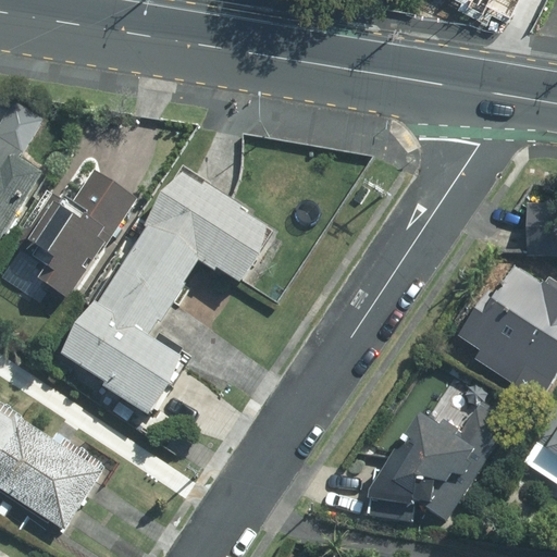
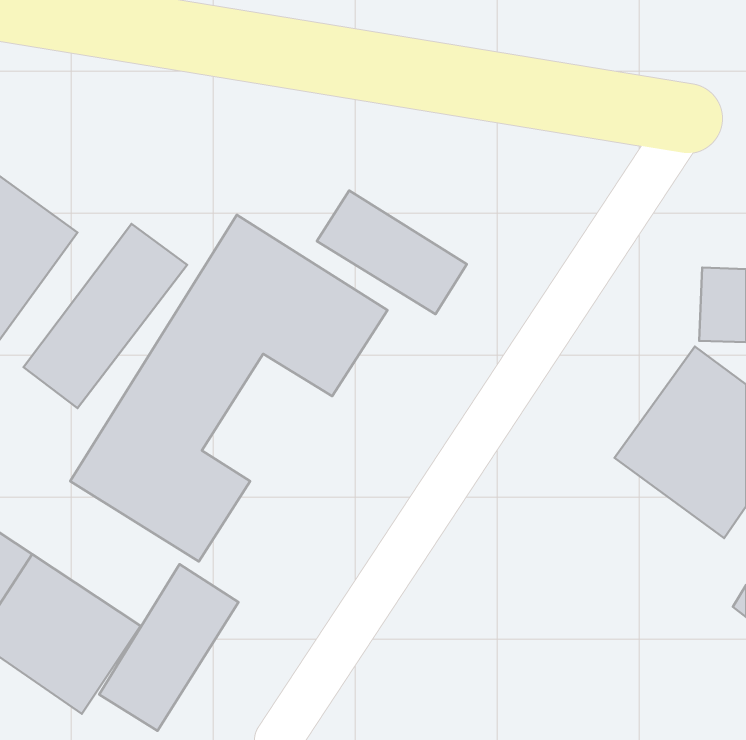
building: none -> [317,190,467,314]
building: [362,394,519,524] -> none
building: none -> [99,564,239,731]

